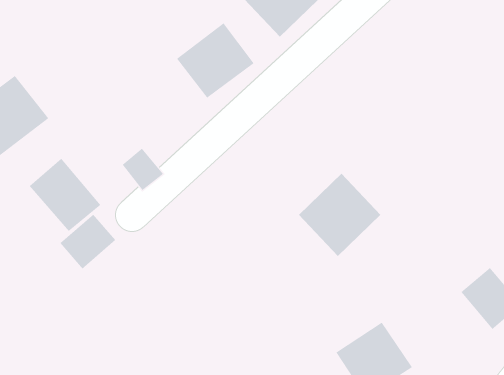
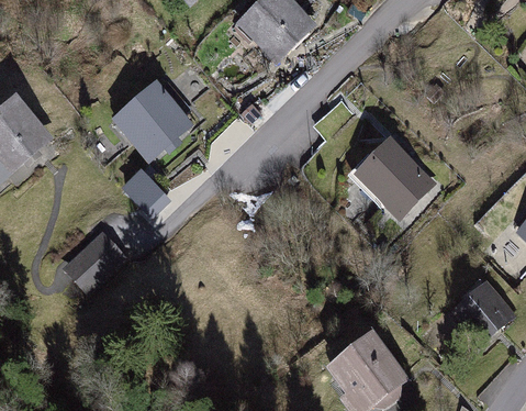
building: [176,22,255,99] -> [116,86,192,159]
building: [29,158,101,232] -> none
building: [298,173,381,257] -> [354,140,434,221]

